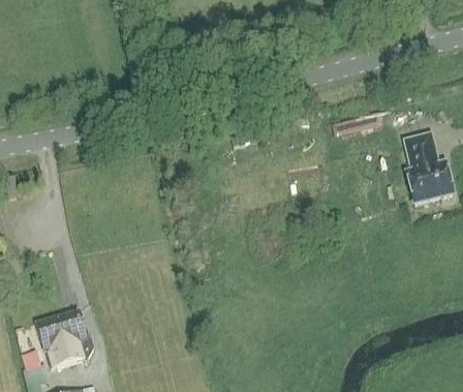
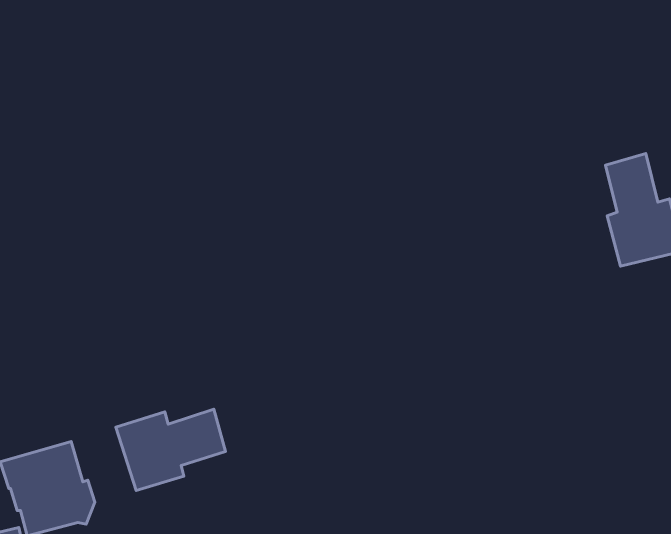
building: none -> [116,409,226,490]

